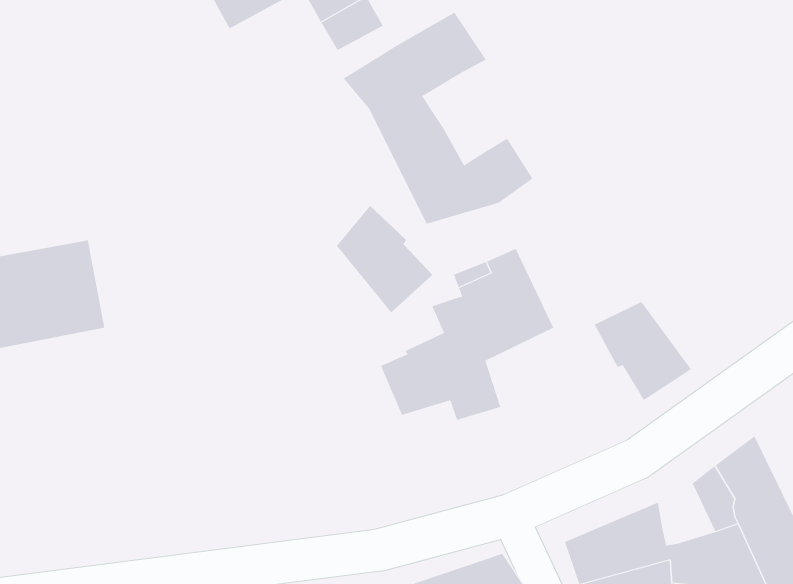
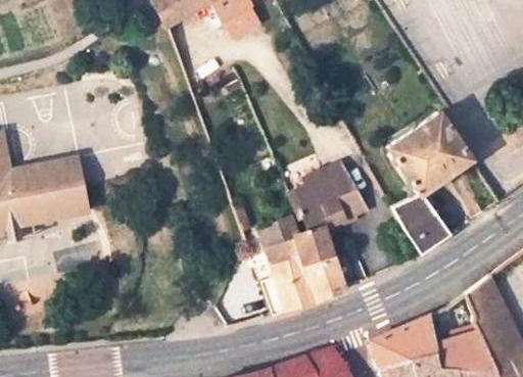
building: [343,12,533,225] -> none
building: none -> [389,113,472,193]
building: [336,205,433,313] -> none
building: none -> [262,254,343,315]

